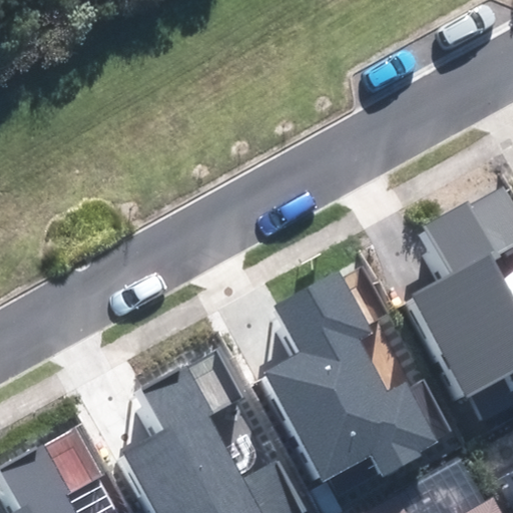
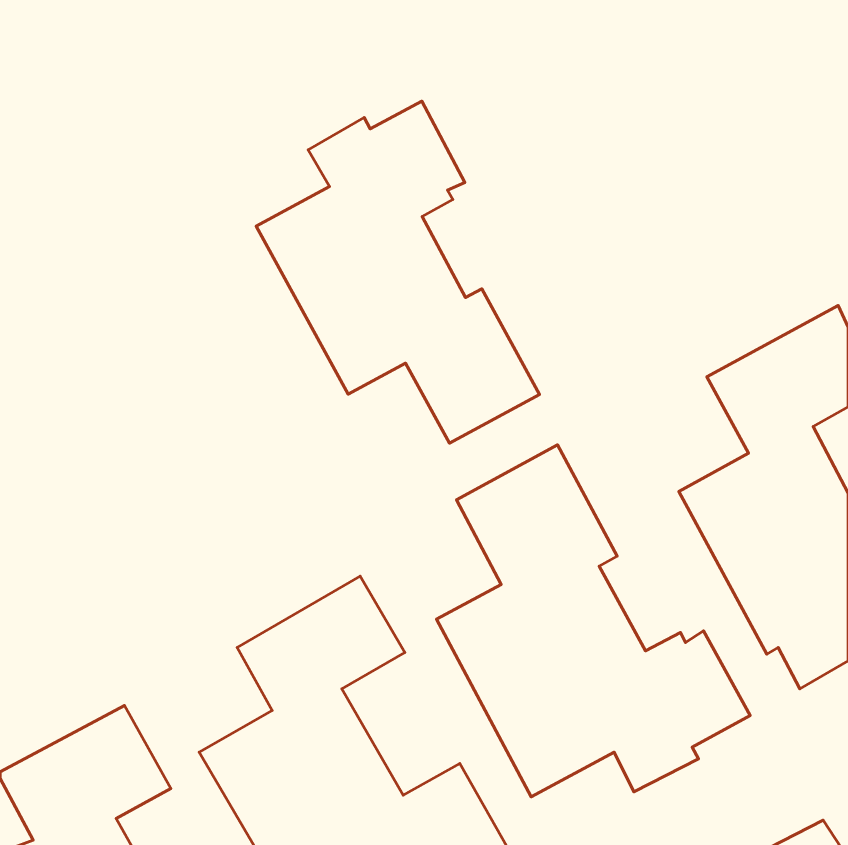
building: none -> [256,101,539,443]

